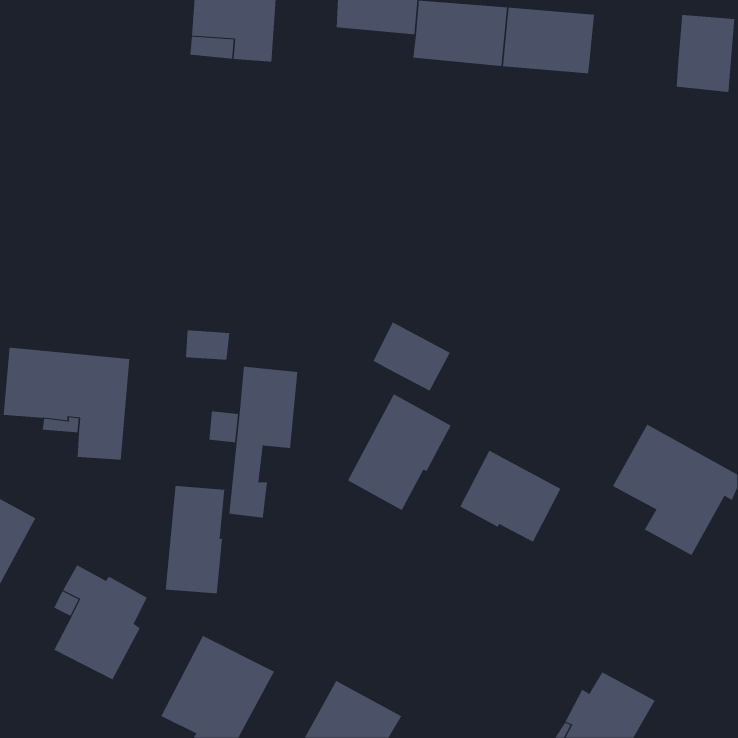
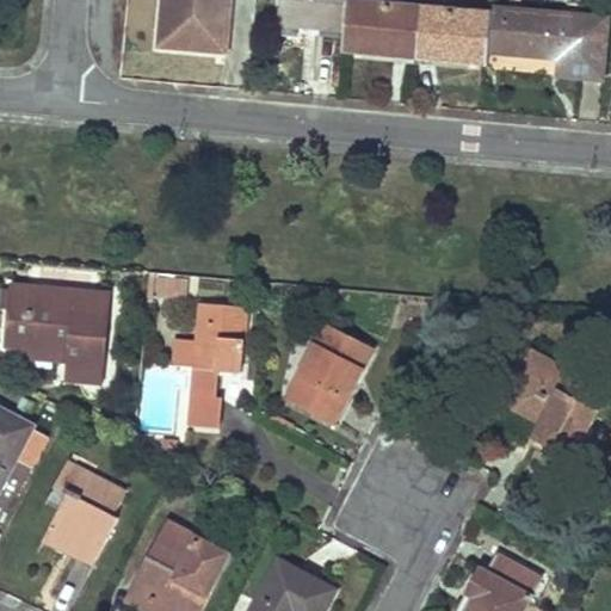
building: none -> [487,6,562,55]
building: [373,321,451,392] -> none
building: [460,450,561,543] -> none
building: [165,485,225,594] -> none

